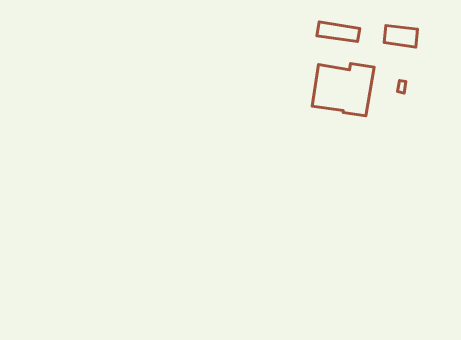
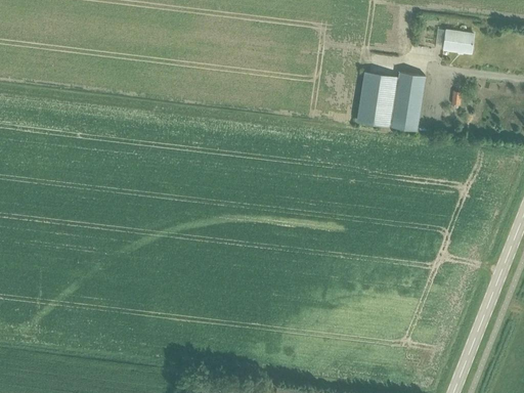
building: [317,22,360,42] -> none

